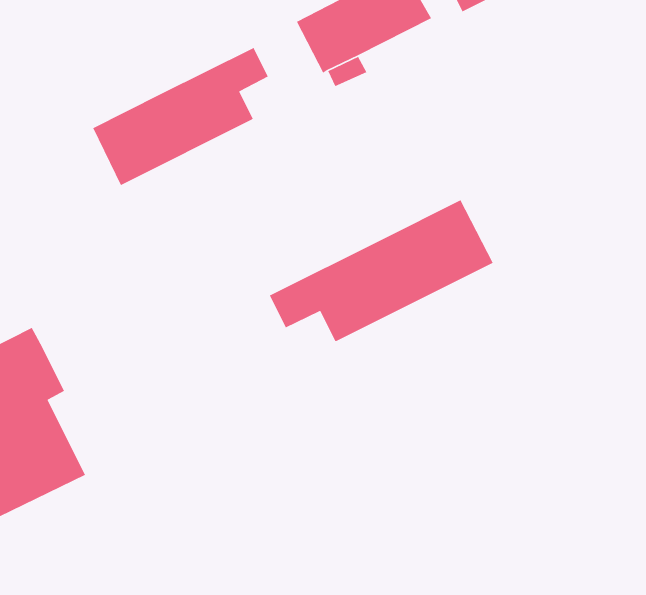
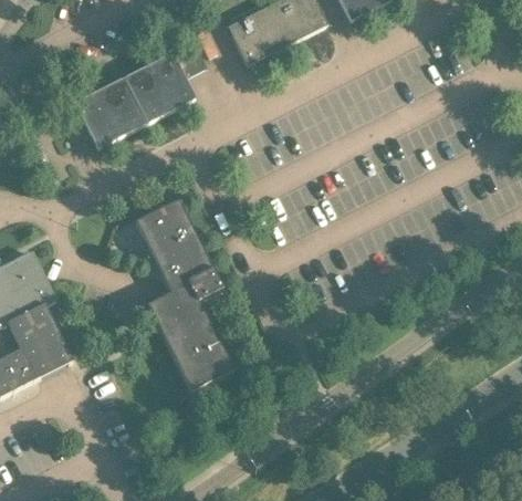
building: [269,199,494,342] -> none
building: none -> [134,198,232,389]

